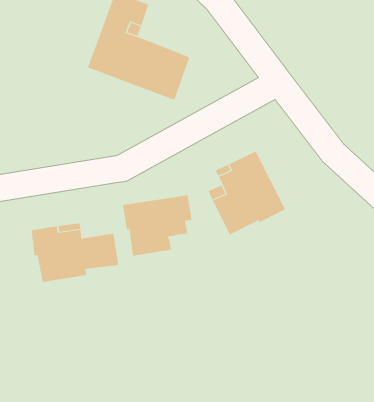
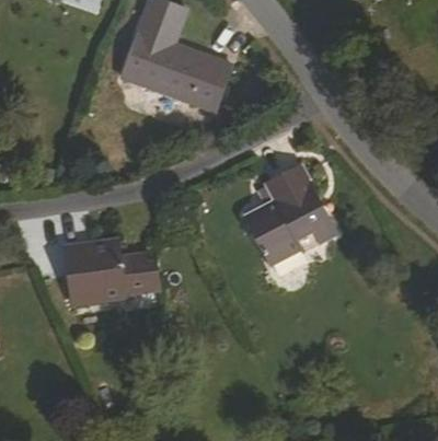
building: [122,195,192,256] -> none

